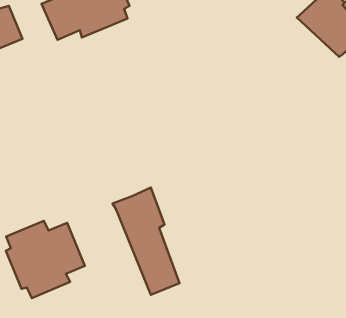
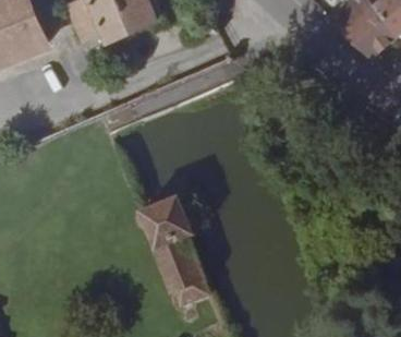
building: [6,221,85,298] -> none

